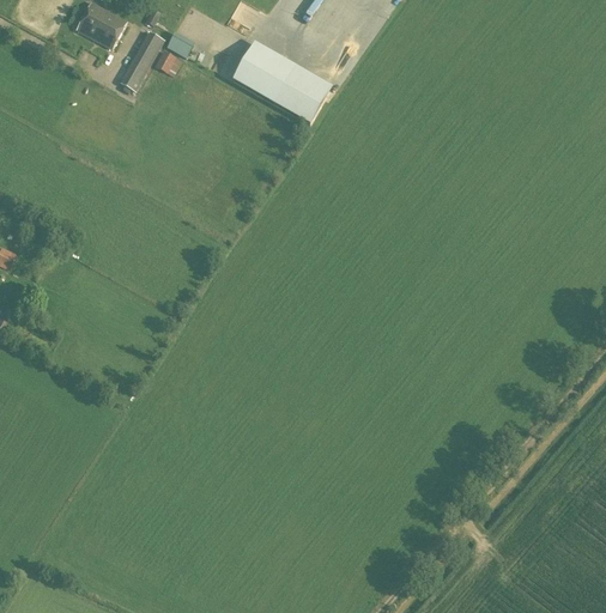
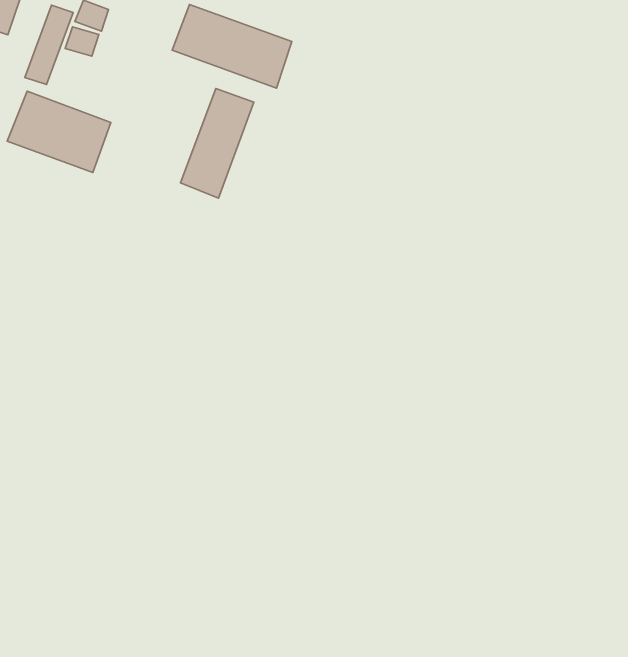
building: none -> [7,91,111,173]
building: none -> [181,89,254,198]

